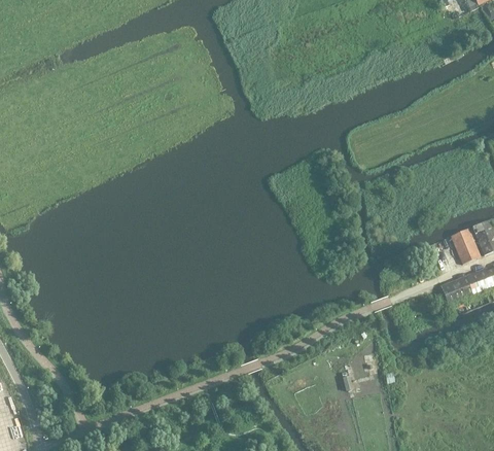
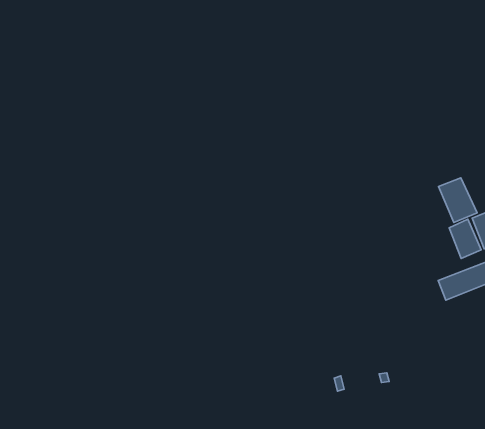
building: none -> [439,178,477,222]

